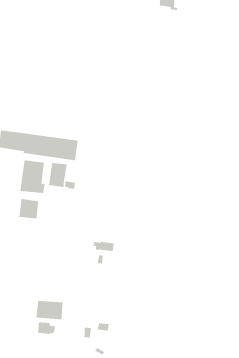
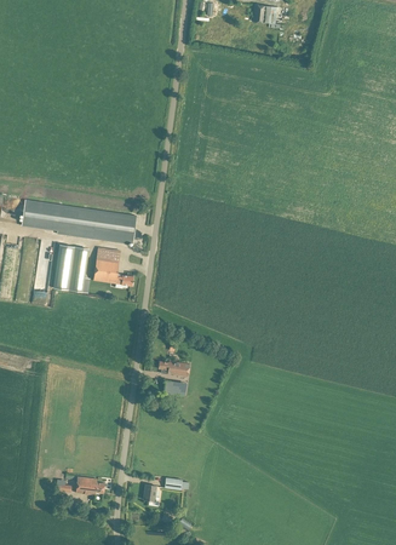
building: [19,198,39,219] -> none
building: [36,300,63,320] -> none

